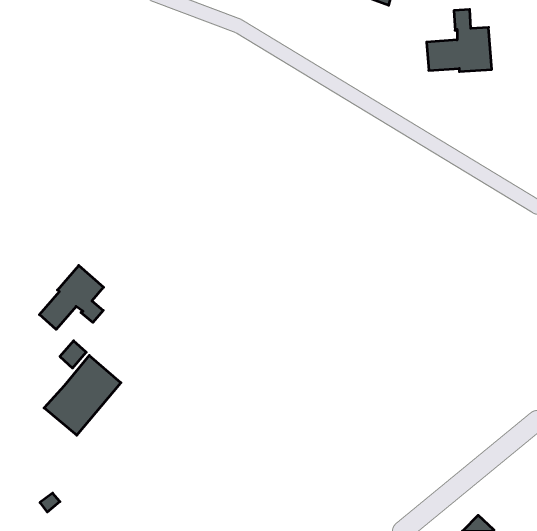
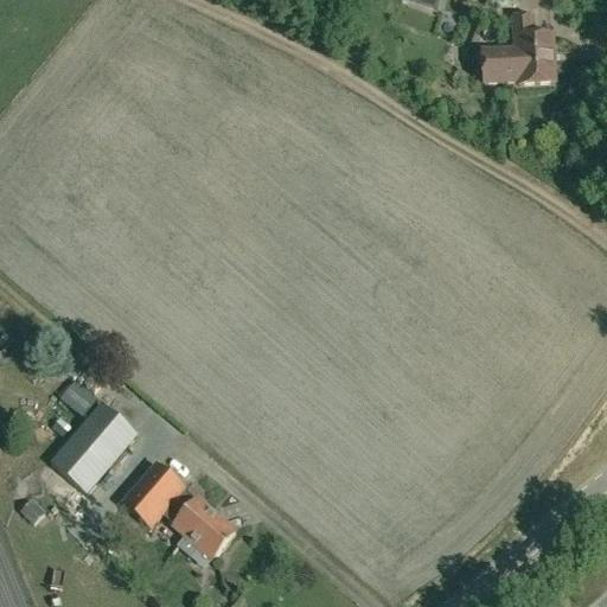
building: [39,265,104,329] -> none
building: none -> [121,461,235,557]

